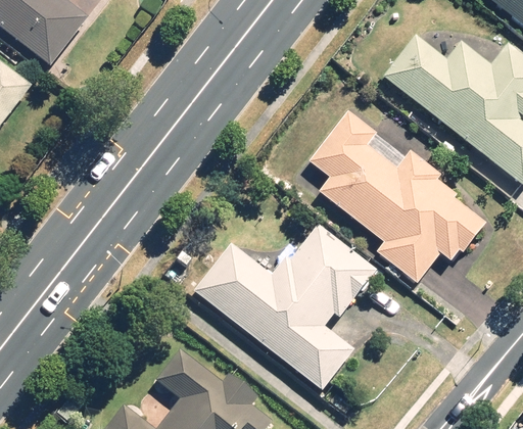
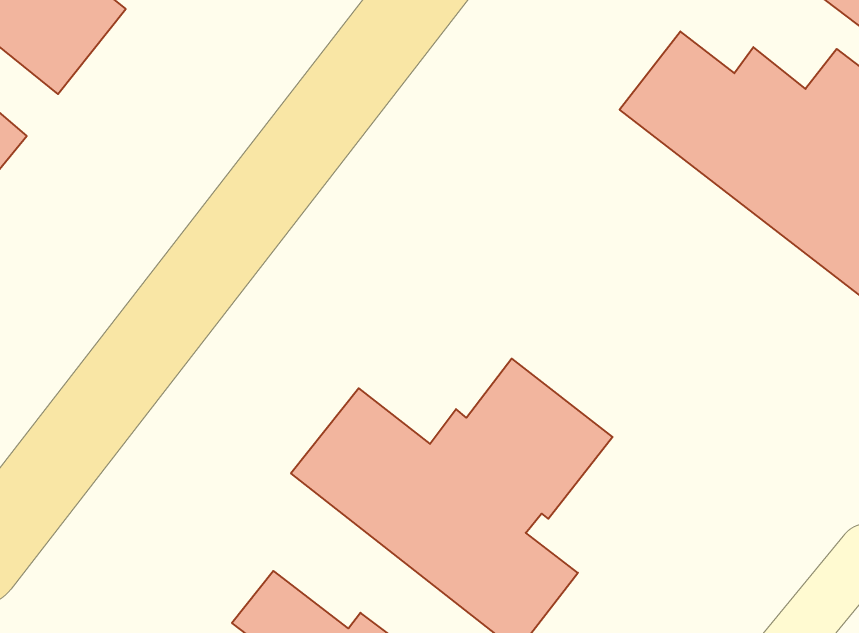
building: [306,108,489,286] -> none

